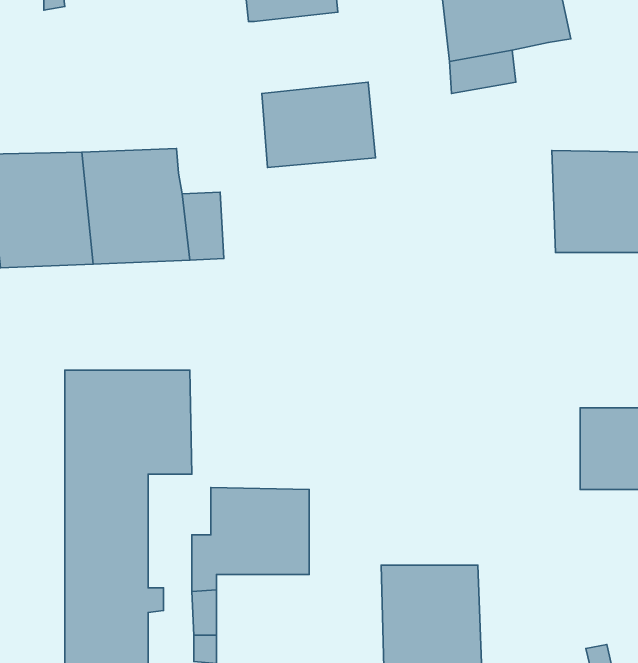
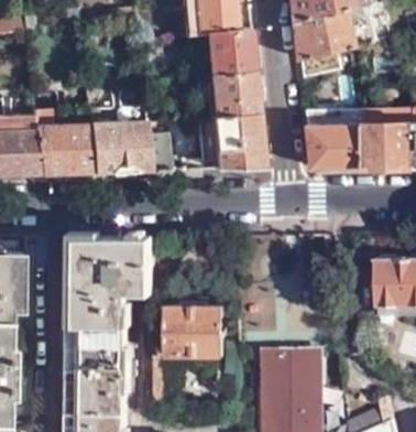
building: none -> [187,28,253,77]
building: none -> [306,110,362,170]
building: none -> [195,115,262,172]

